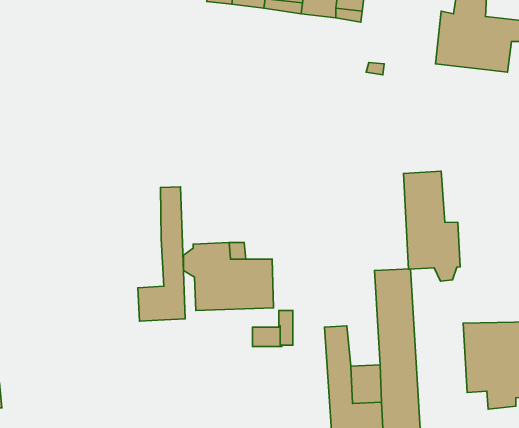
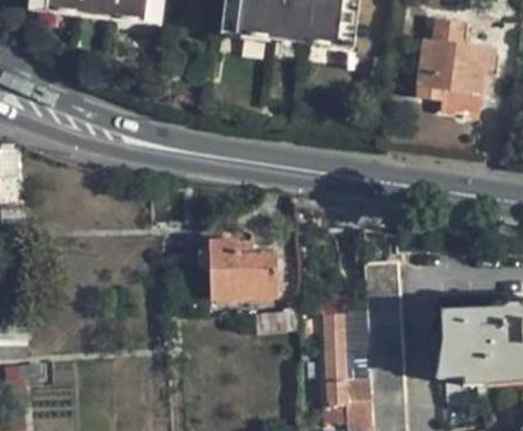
building: none -> [415,88,480,118]
building: [403,171,460,281] -> none
building: [138,187,185,321] -> none

